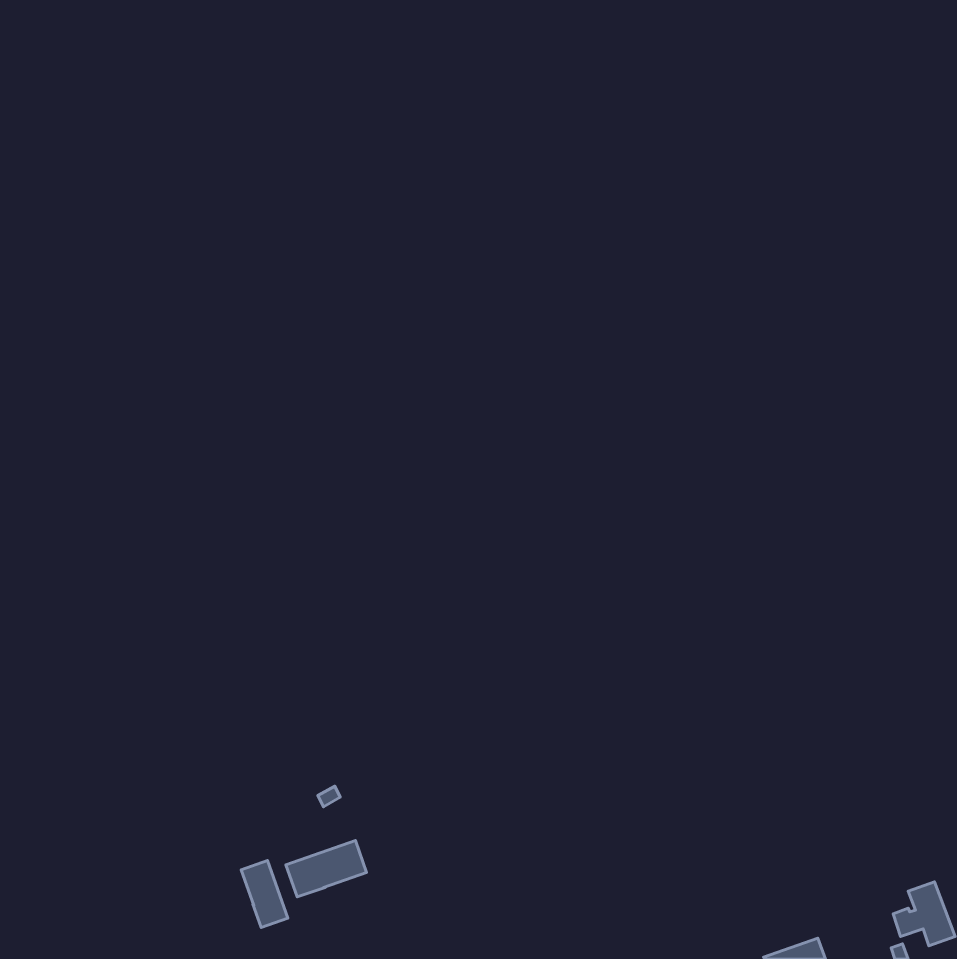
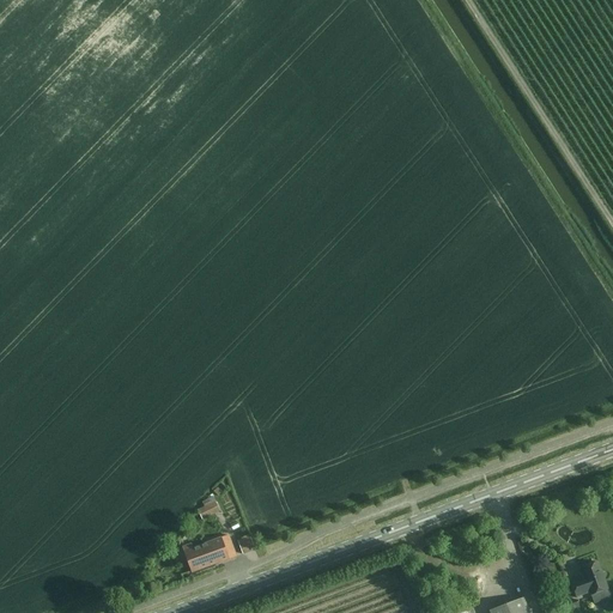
building: [241,860,288,927] -> none

